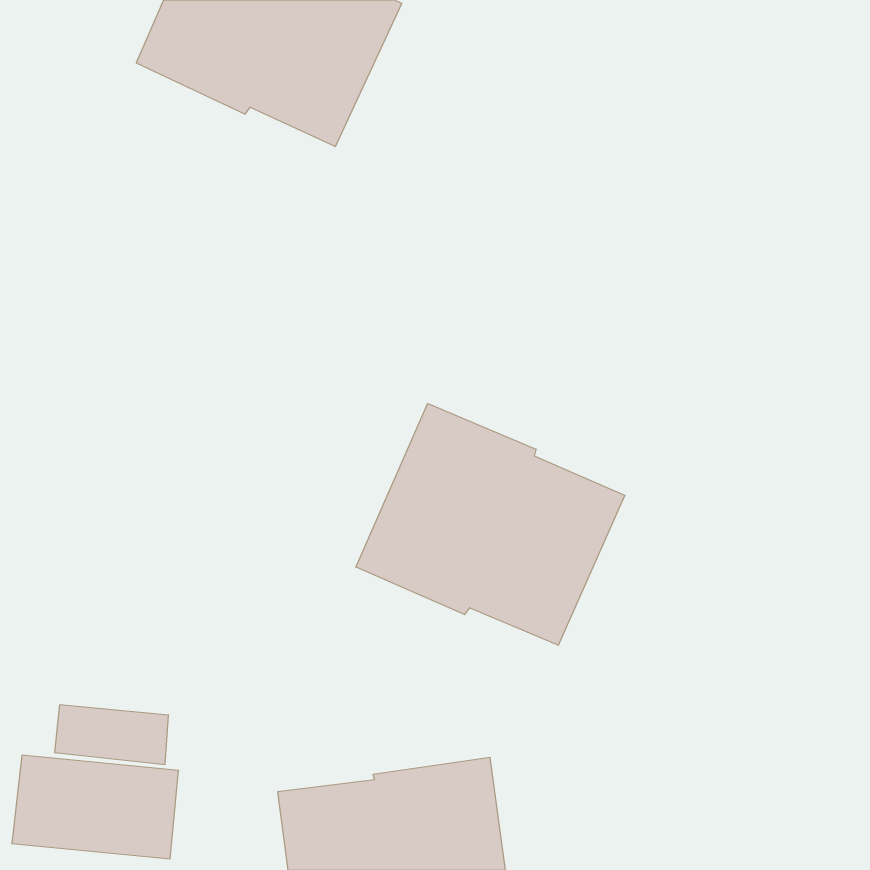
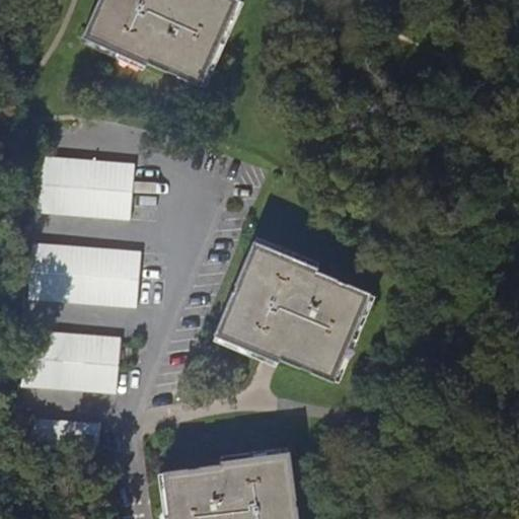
building: none -> [34,156,136,220]
building: none -> [26,243,144,307]
building: [12,755,179,859] -> [22,332,122,394]

